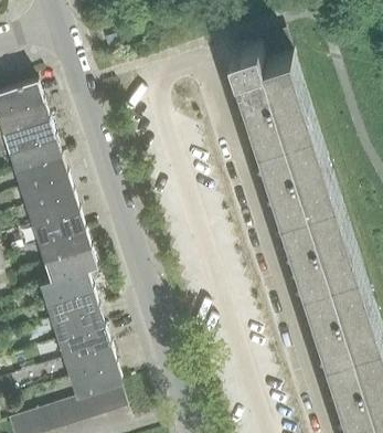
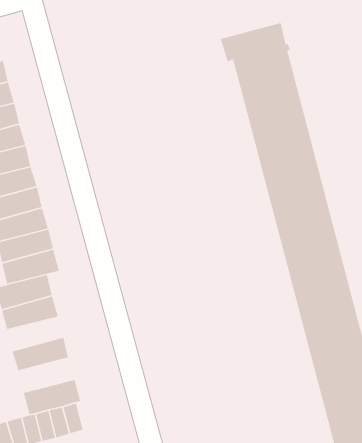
building: [51,306,103,339] -> none
building: [63,342,115,376] -> none

